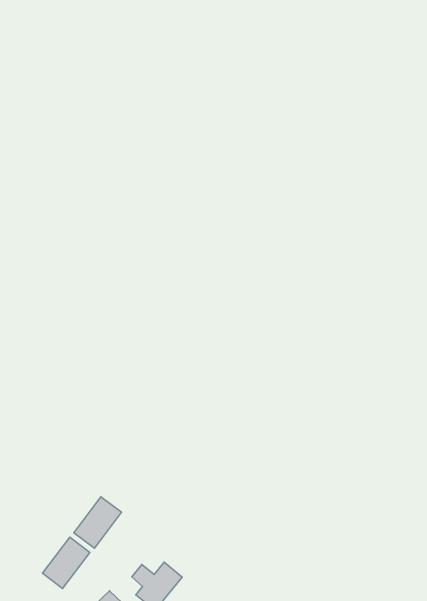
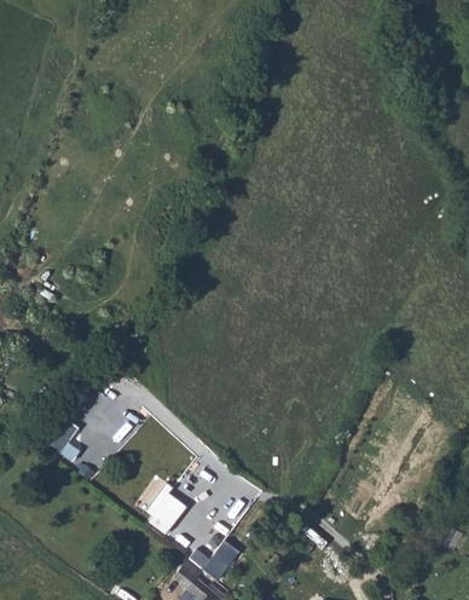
building: [42,537,90,588] -> none

